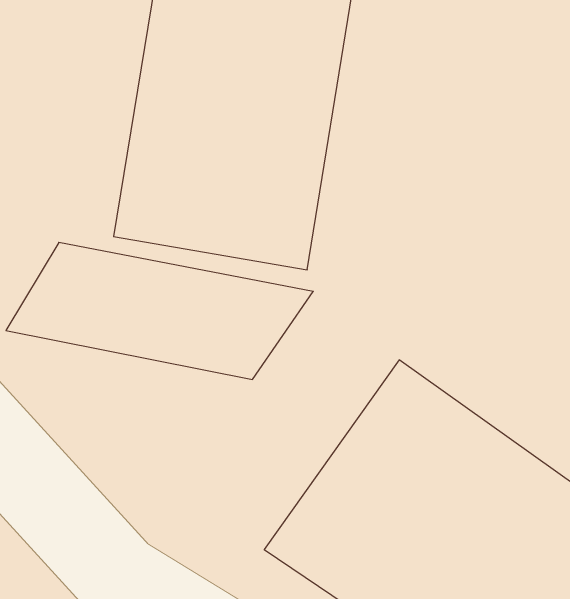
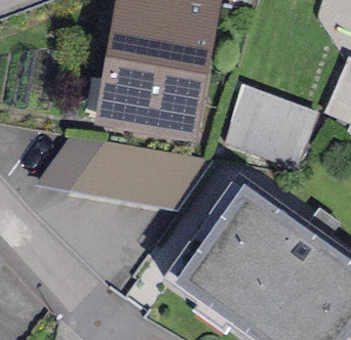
building: none -> [227,80,319,161]

